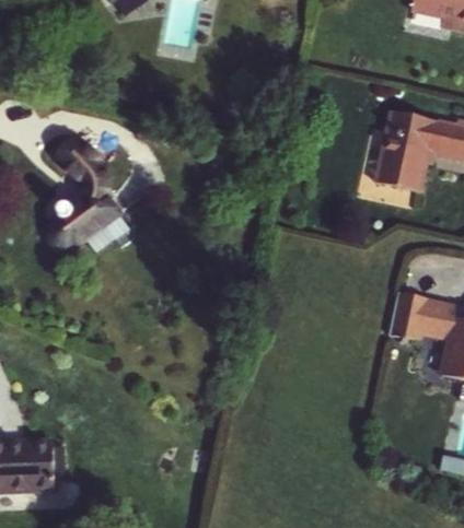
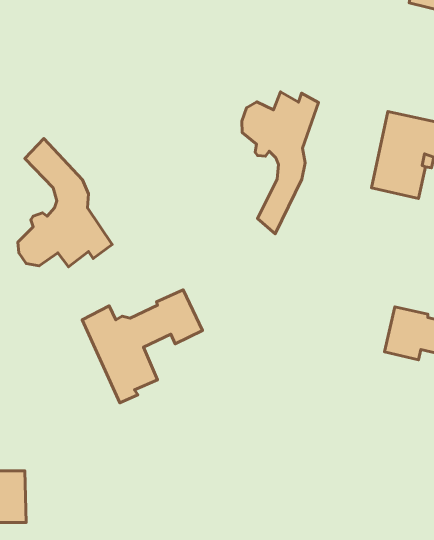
building: none -> [242,92,318,234]
building: none -> [82,290,202,403]

